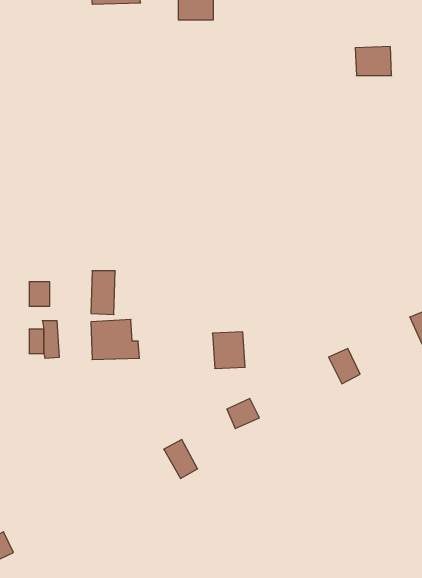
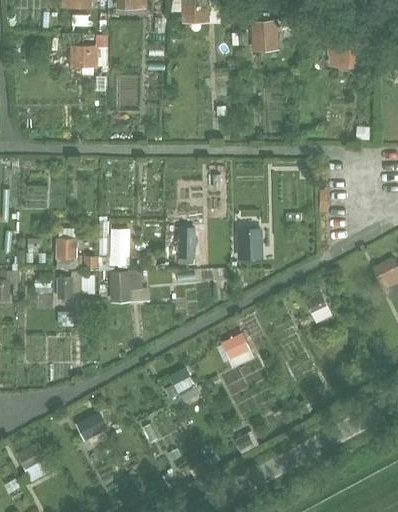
building: none -> [250,19,277,50]
building: none -> [70,45,96,68]
building: none -> [177,227,195,258]
building: [212,332,245,368] -> [236,229,263,259]
building: none -> [75,410,108,440]

